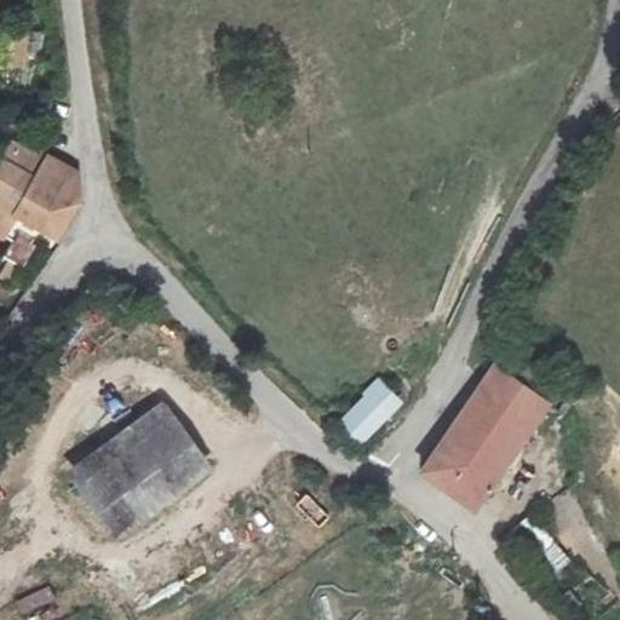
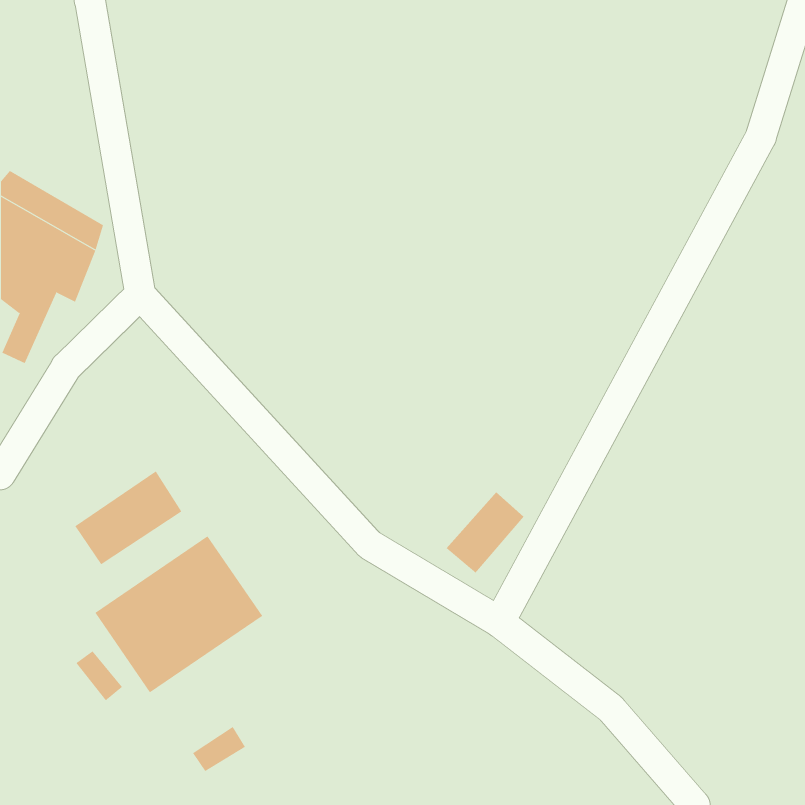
building: none -> [74,471,182,565]
building: [421,364,545,510] -> none

